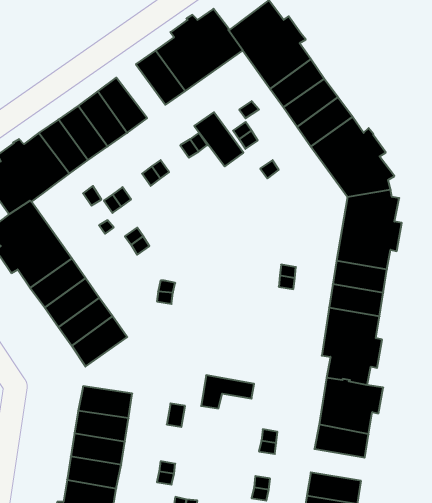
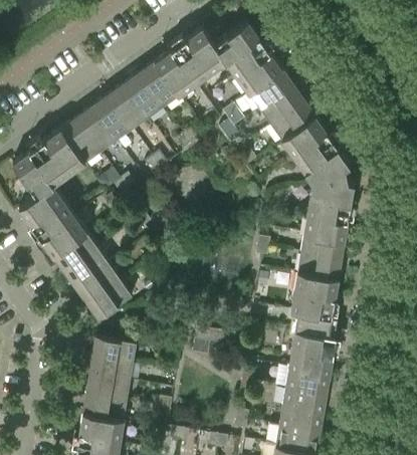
building: [194,112,243,166] -> [124,73,164,118]
building: none -> [282,388,327,414]

